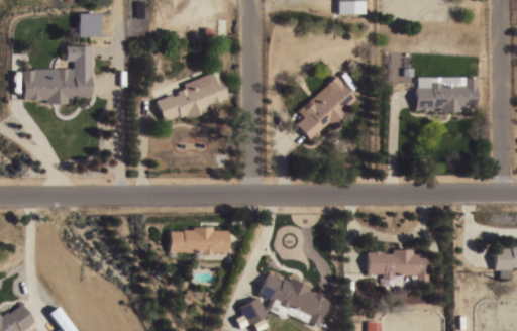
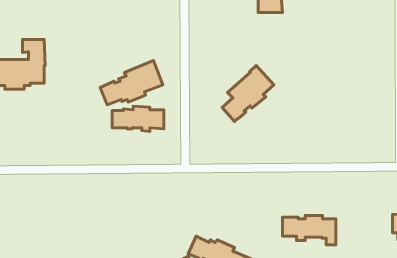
building: [79,15,100,38] -> none
building: [416,78,478,112] -> none
building: [170,227,229,256] -> [112,106,164,131]

